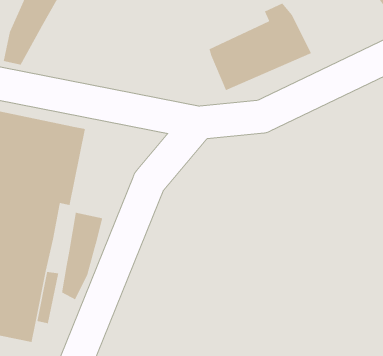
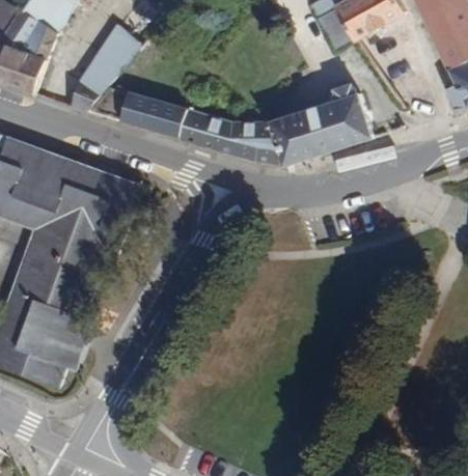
building: none -> [86,87,286,164]
building: [61,212,103,300] -> none

